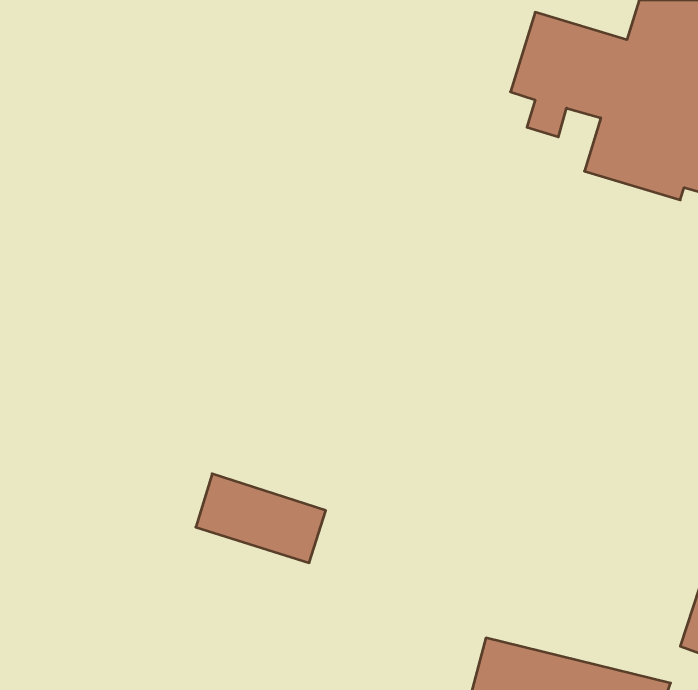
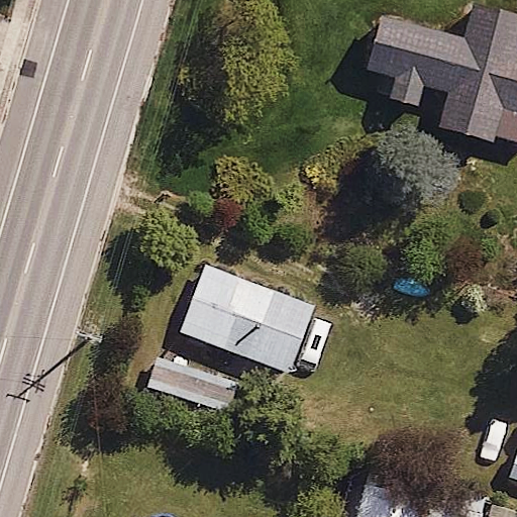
building: none -> [181,264,317,374]

